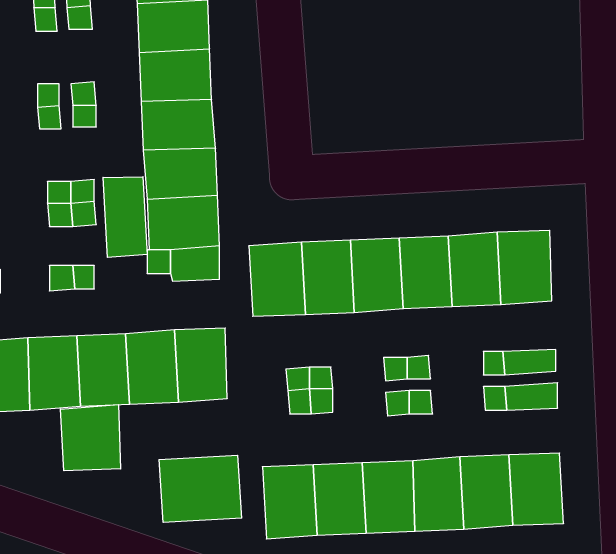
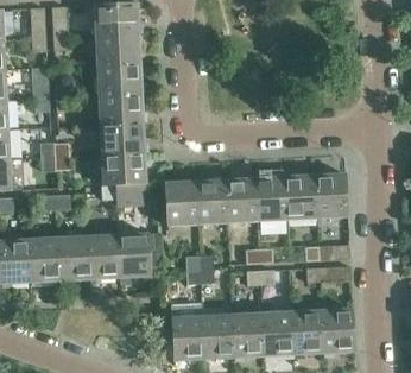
building: [103,177,147,257] -> none
building: [60,405,121,471] -> none
building: [159,455,242,522] -> none

